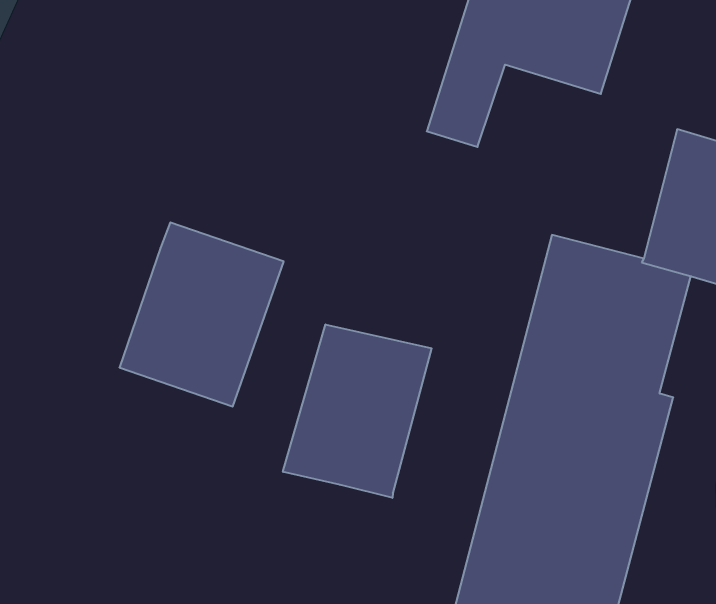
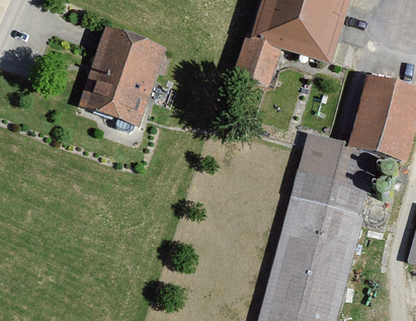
building: [119,222,284,407] -> [83,28,168,124]
building: [283,324,432,498] -> none

